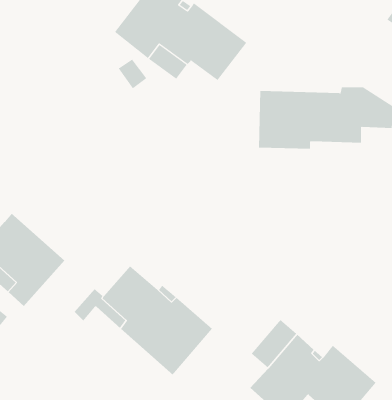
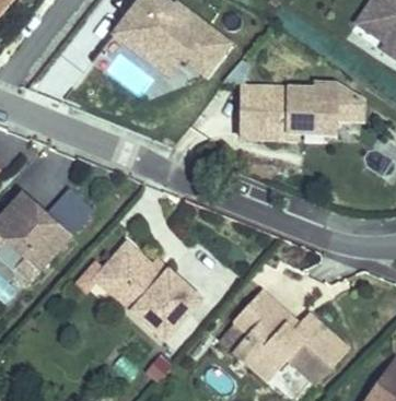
building: none -> [47,187,94,234]

